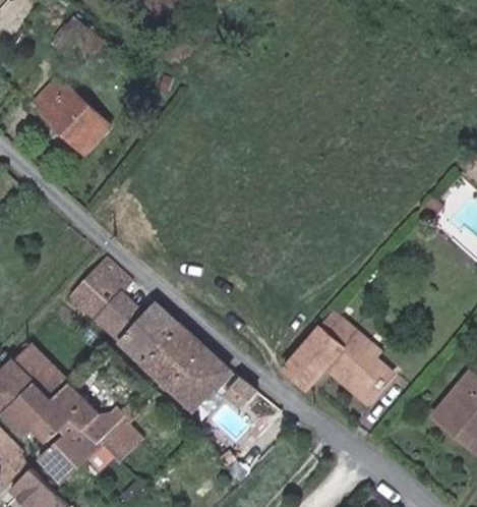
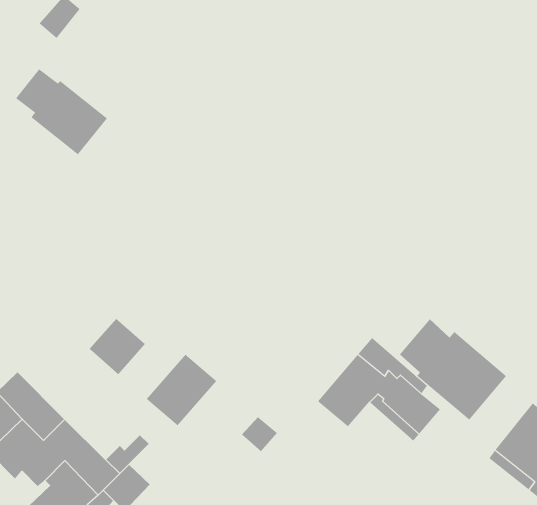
building: [65,258,128,322] -> none
building: none -> [399,319,507,421]
building: [117,305,174,364] -> none
building: [168,349,226,409] -> none

